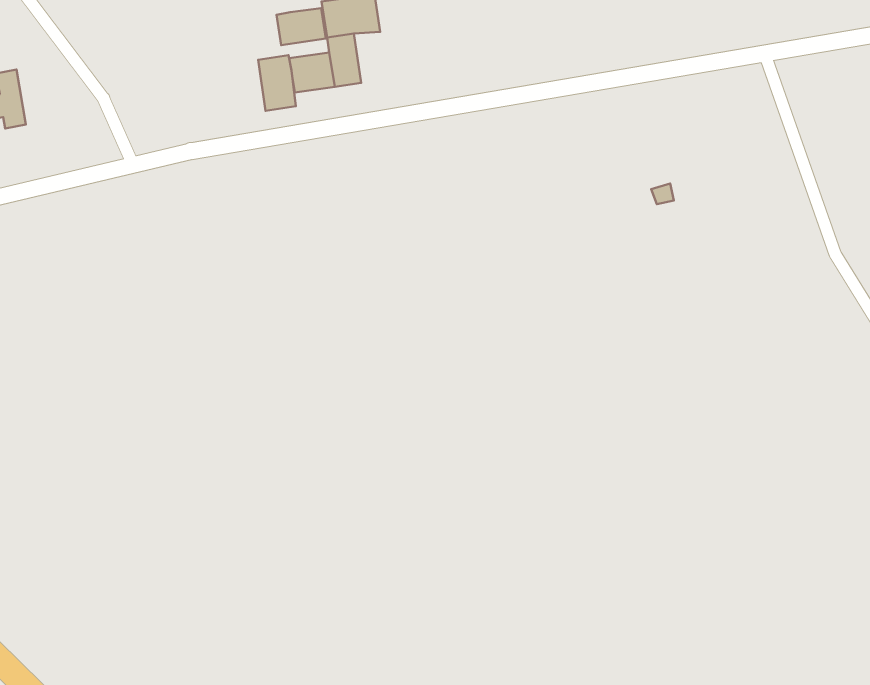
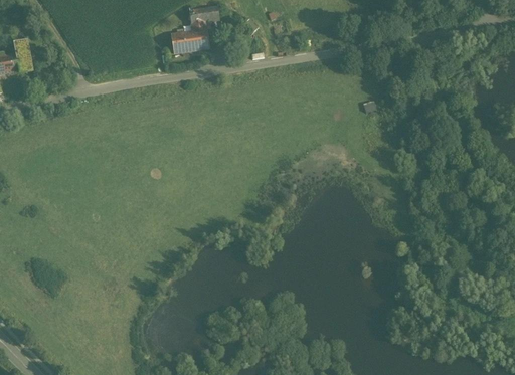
building: [276,8,326,45] -> none
building: [258,55,296,111] -> none

